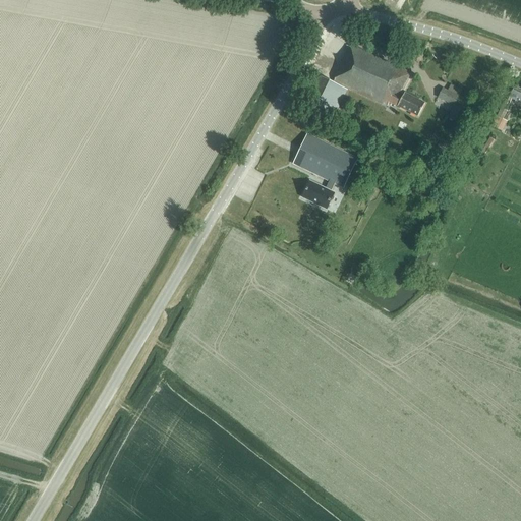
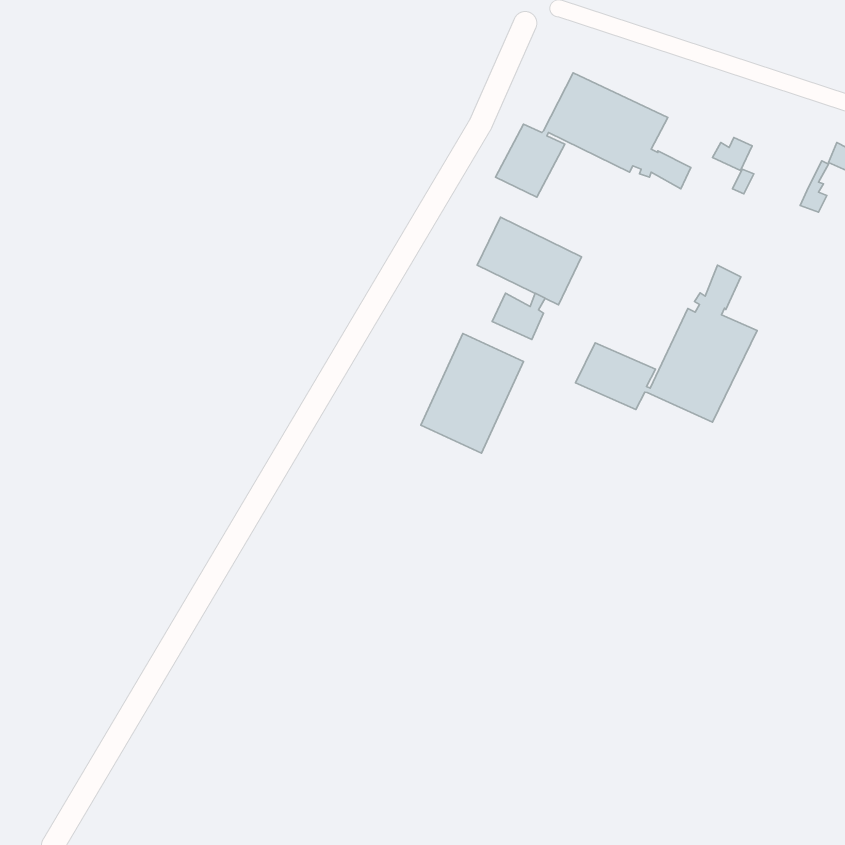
building: none -> [576,265,757,422]
building: none -> [421,333,523,453]

